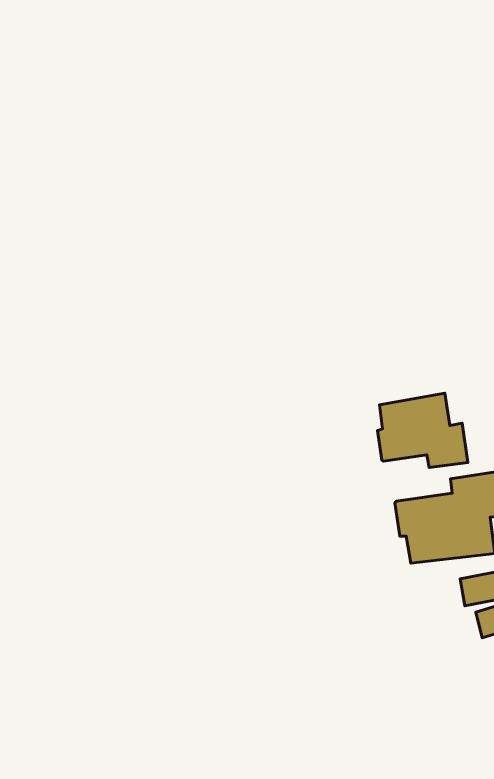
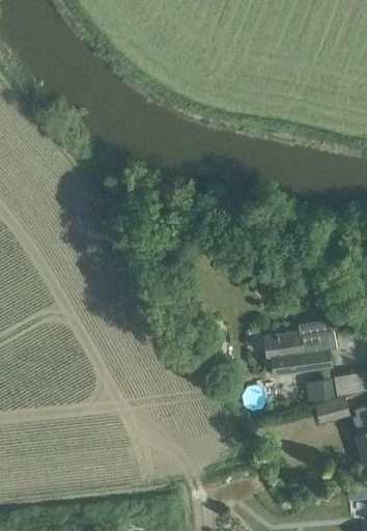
building: [378,393,468,467] -> none

